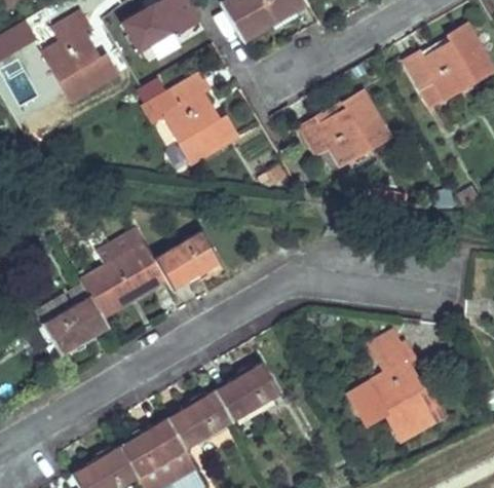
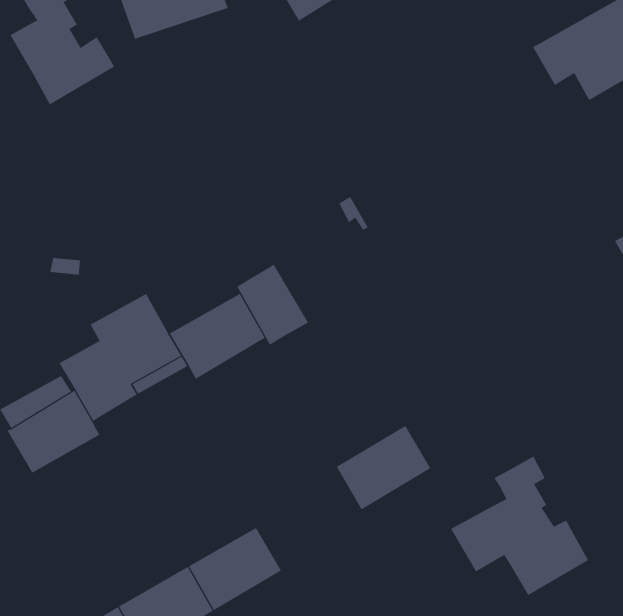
building: [143,73,236,161] -> none
building: [300,91,389,171] -> none
building: none -> [236,264,309,345]
building: [215,363,280,421] -> [336,425,431,510]

